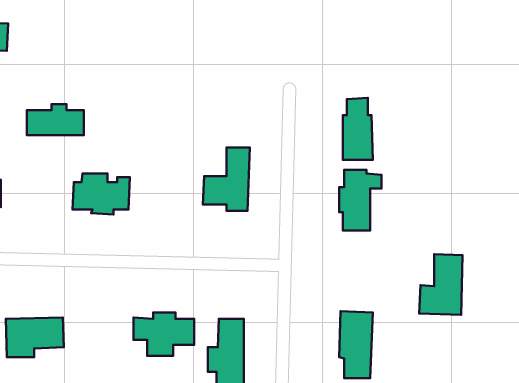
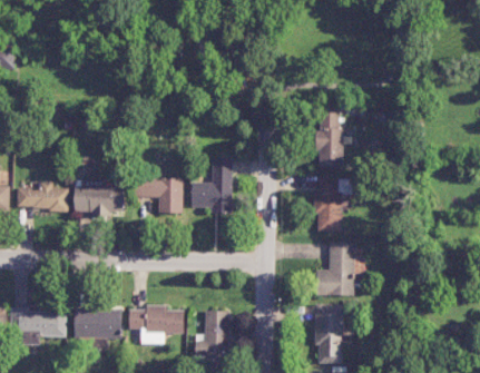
building: [27,104,84,135] -> [17,181,68,209]
building: none -> [134,177,183,213]
building: [419,254,463,315] -> [315,241,354,295]
building: none -> [74,308,121,338]

